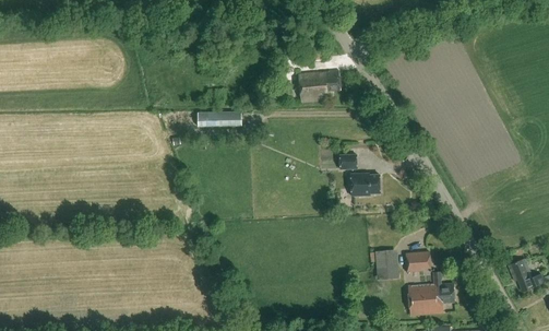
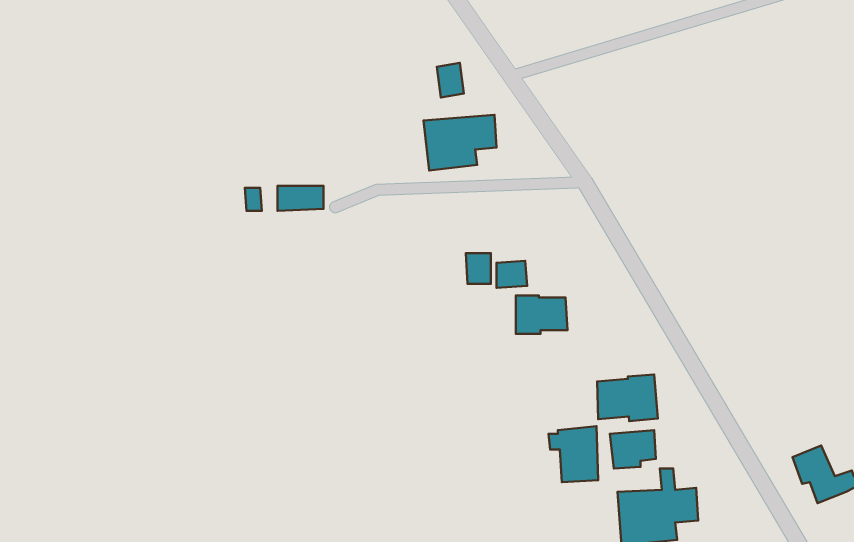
building: none -> [597,374,658,421]

